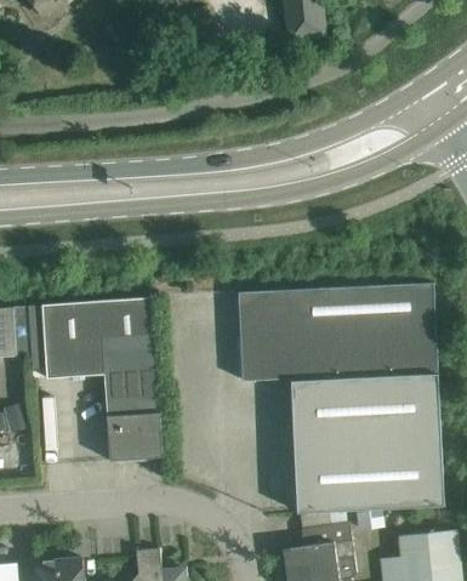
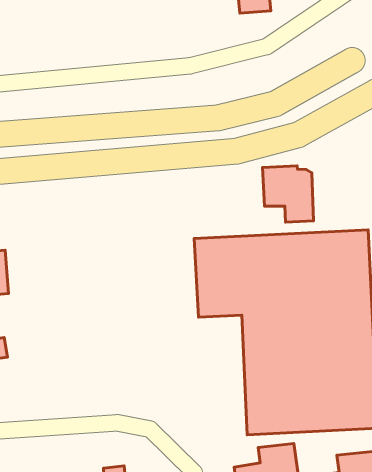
building: none -> [263,166,313,222]
building: [41,296,163,461] -> none

